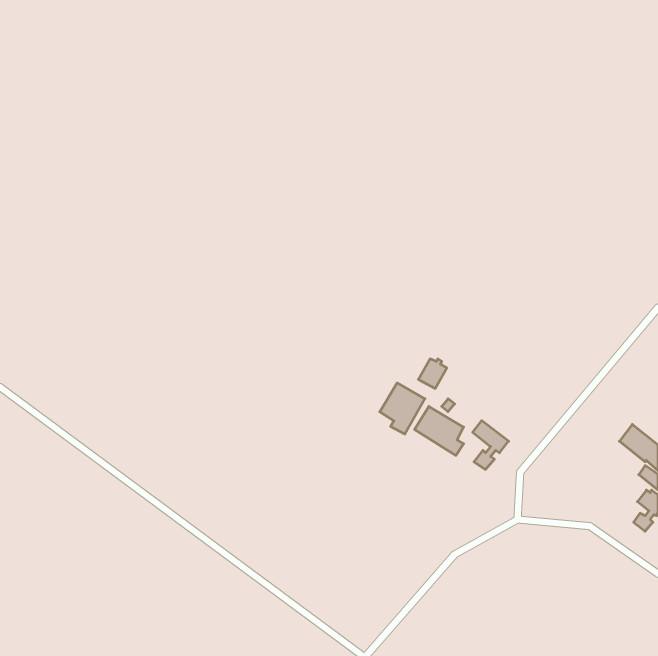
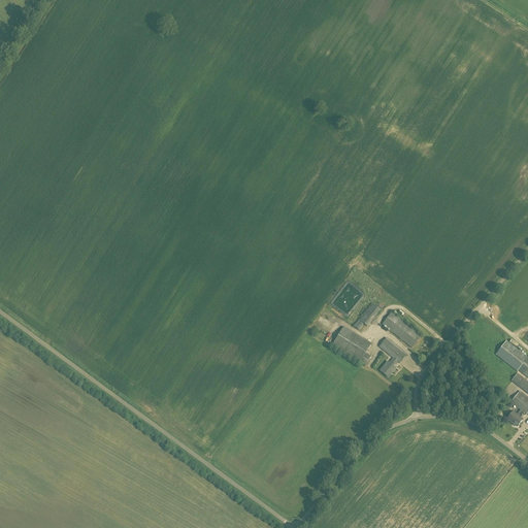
building: [380,383,425,434] -> none
building: none -> [382,311,422,348]

